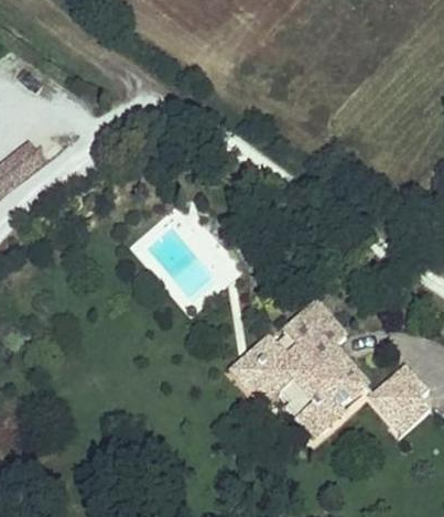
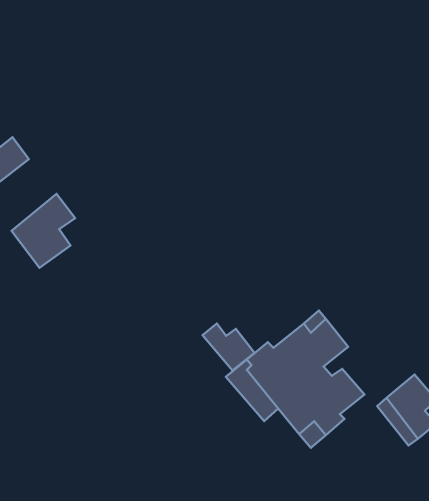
building: none -> [12,194,75,268]
building: none -> [202,323,255,370]

